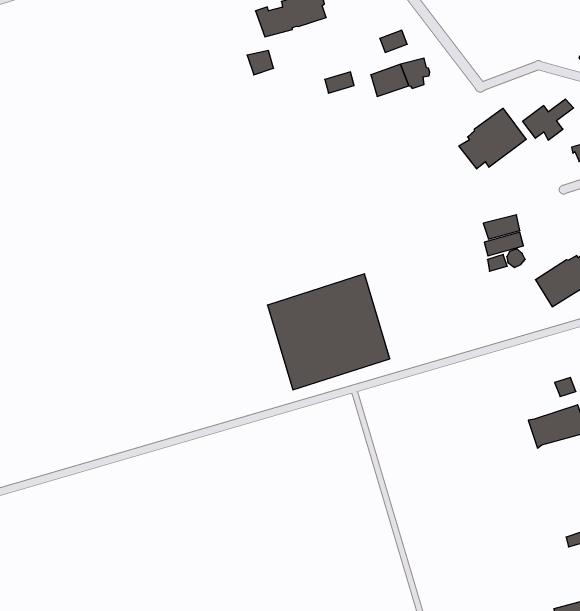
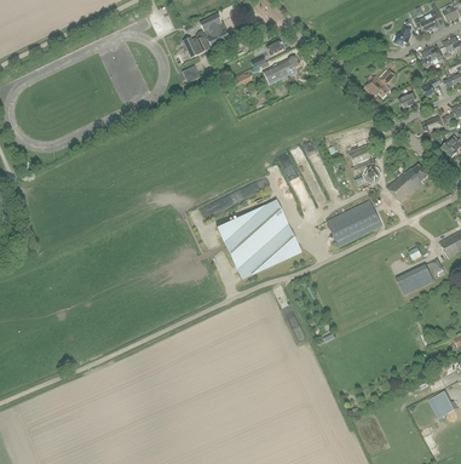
building: [459,108,526,169] -> none
building: none -> [327,200,382,246]

